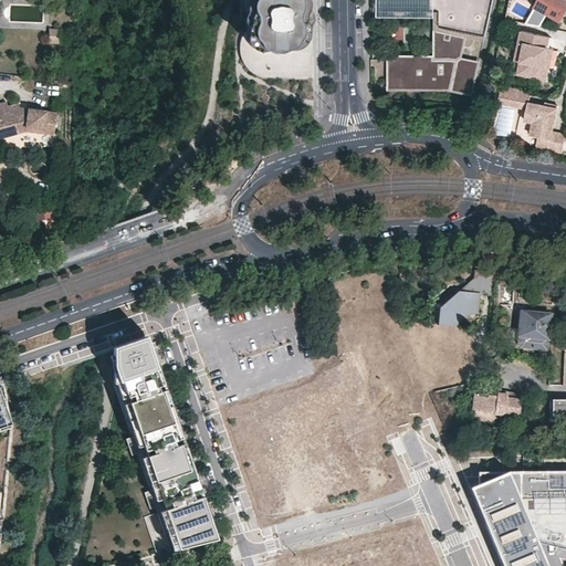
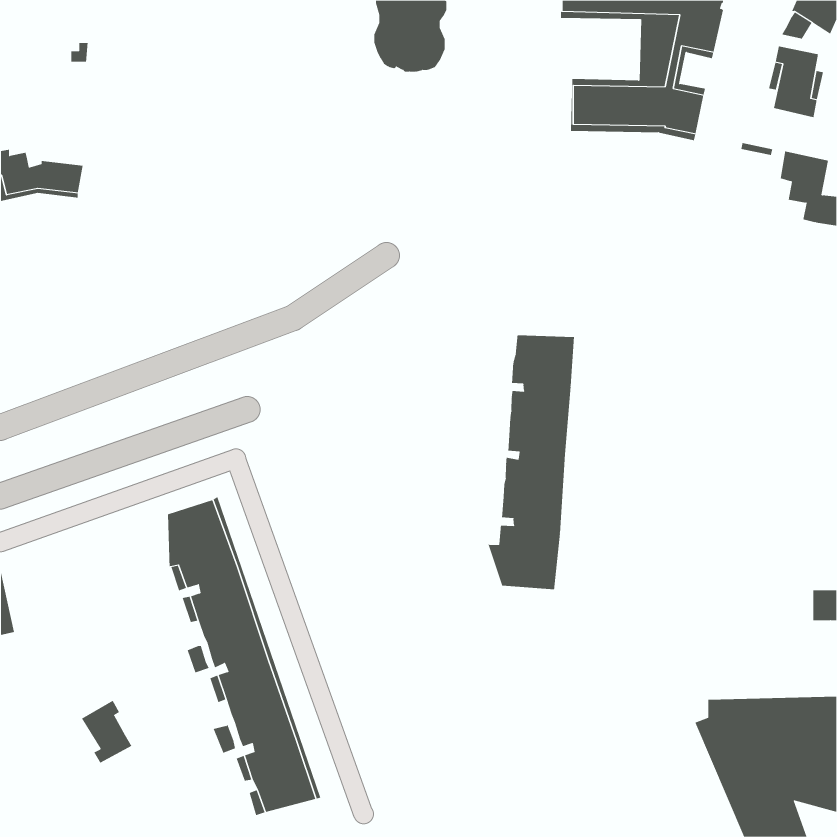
building: none -> [487,335,574,590]
building: [437,289,480,326] -> none
building: [515,308,552,349] -> none
building: [472,390,521,419] -> none
building: none -> [81,700,132,764]

